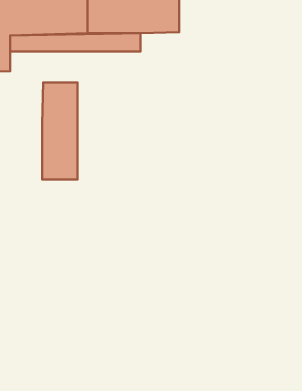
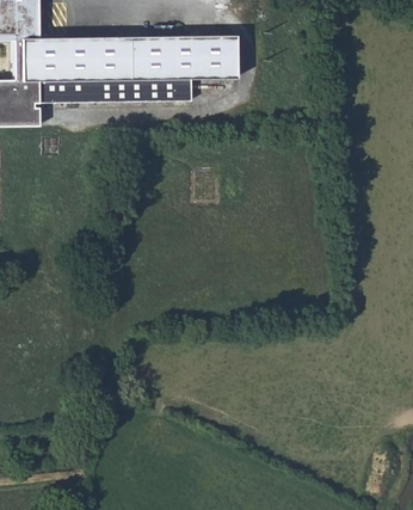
building: [42,82,78,180] -> none

